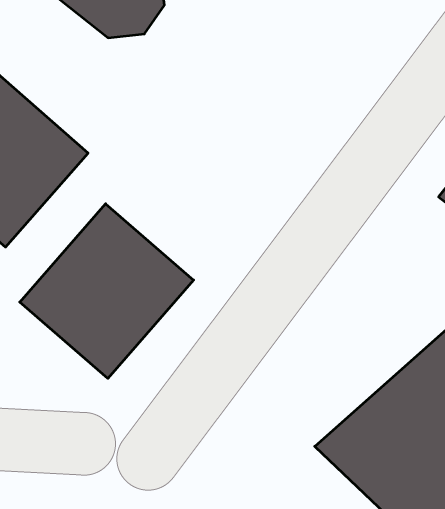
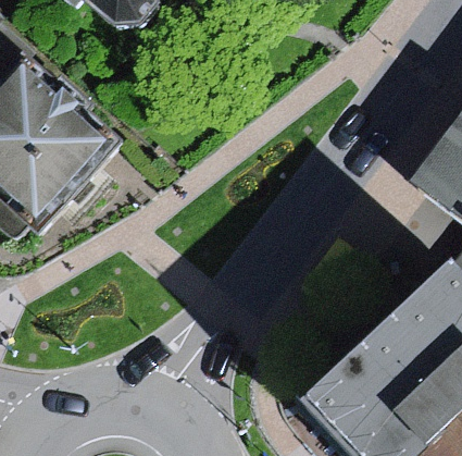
building: [20,204,194,378] -> none

